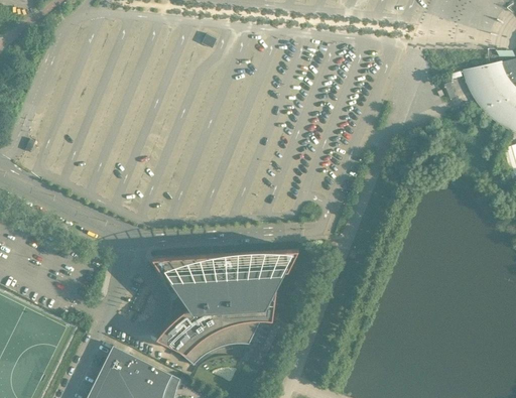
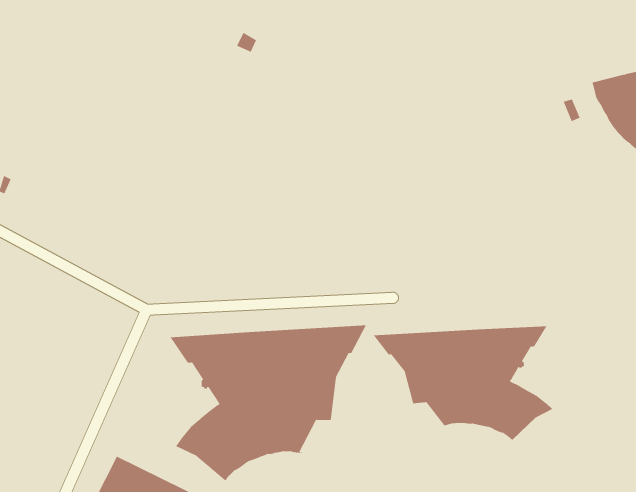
building: none -> [373,326,553,441]

